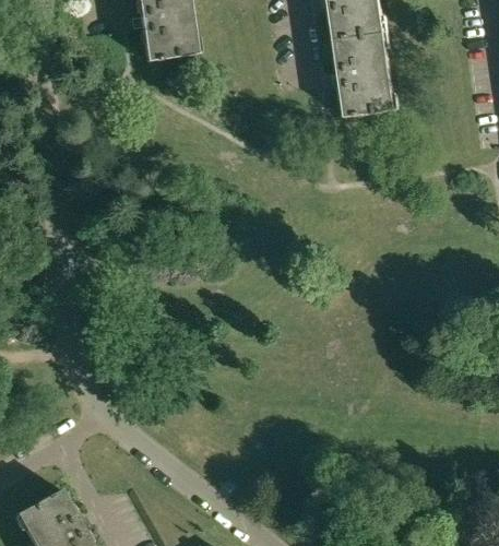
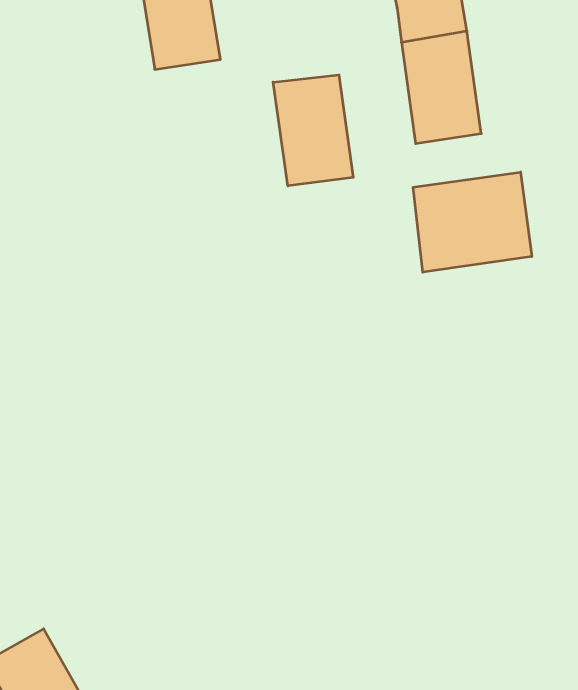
building: none -> [273,75,353,186]
building: none -> [413,172,532,272]

